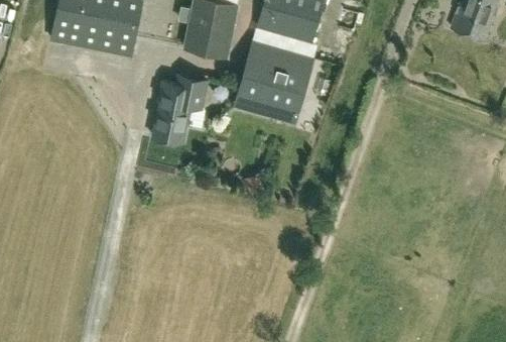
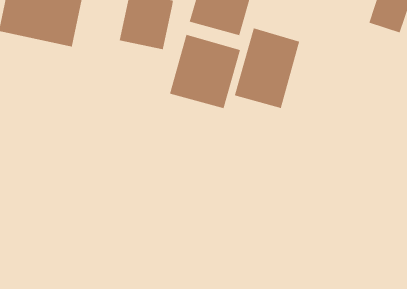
building: none -> [234,27,300,109]
building: [151,79,197,142] -> none

